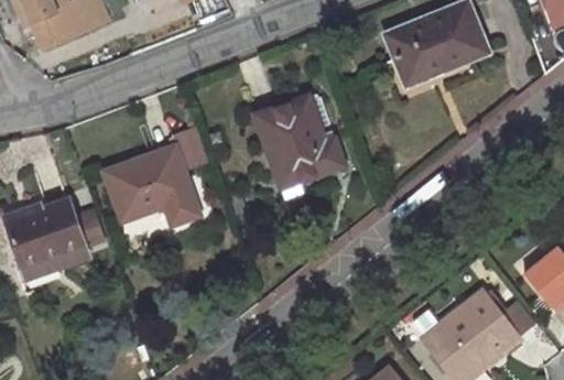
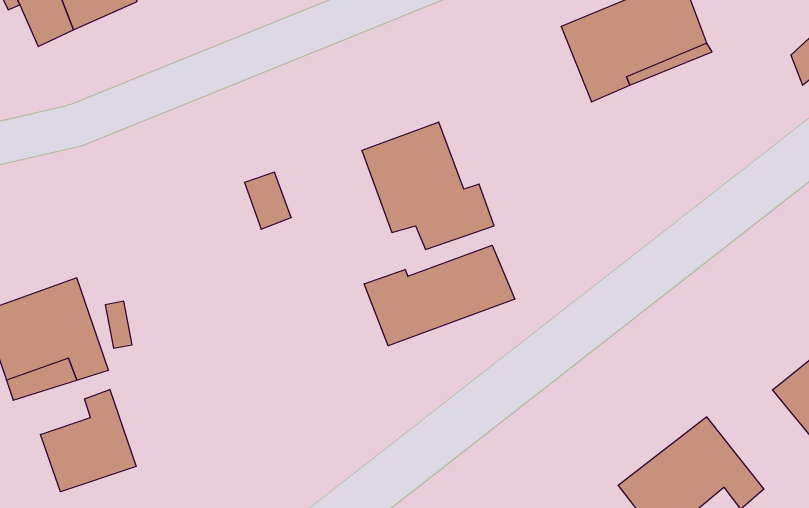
building: [105,148,198,225] -> none
building: none -> [364,245,515,346]
building: none -> [40,389,136,492]

